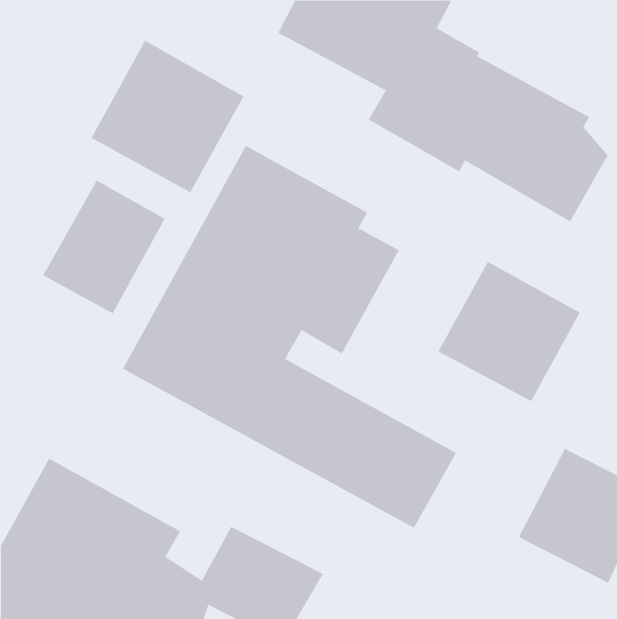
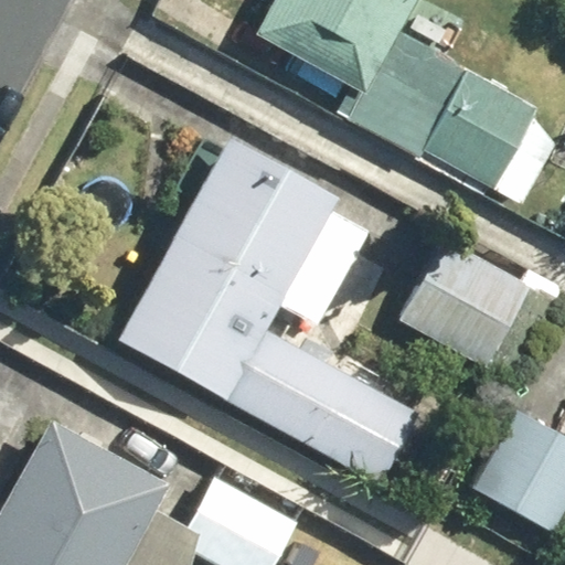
building: [91,40,244,193] -> none
building: [43,180,166,314] -> none

